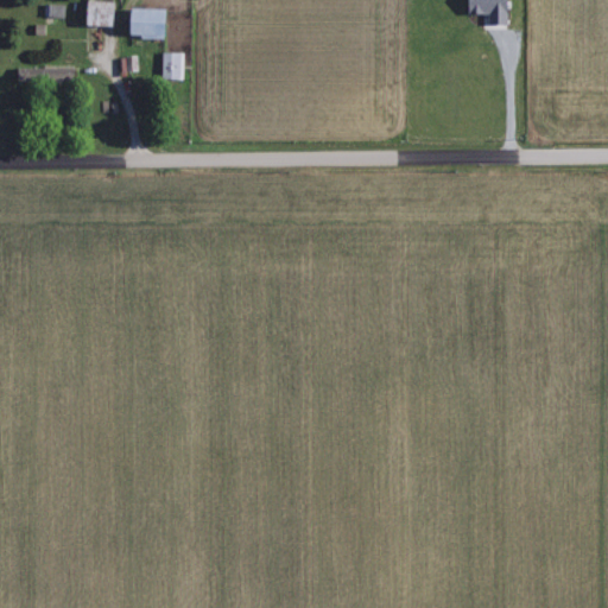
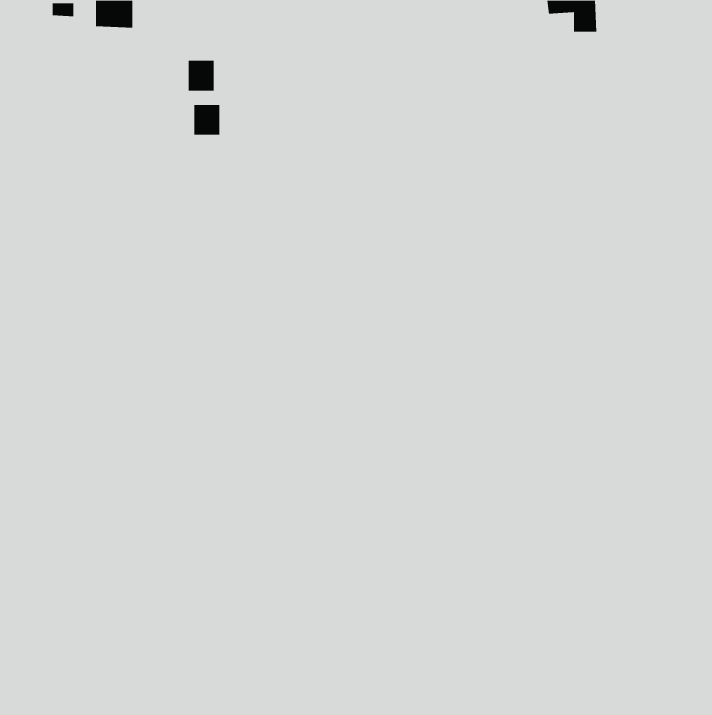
building: [125,6,169,37] -> none
building: none -> [194,104,220,135]

